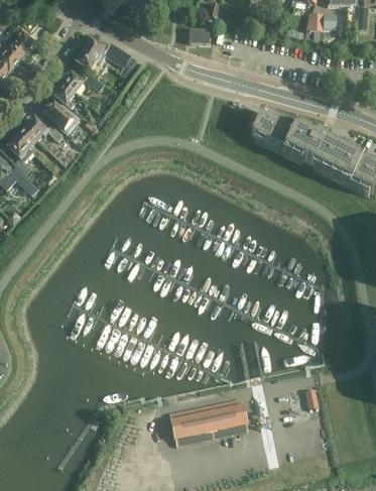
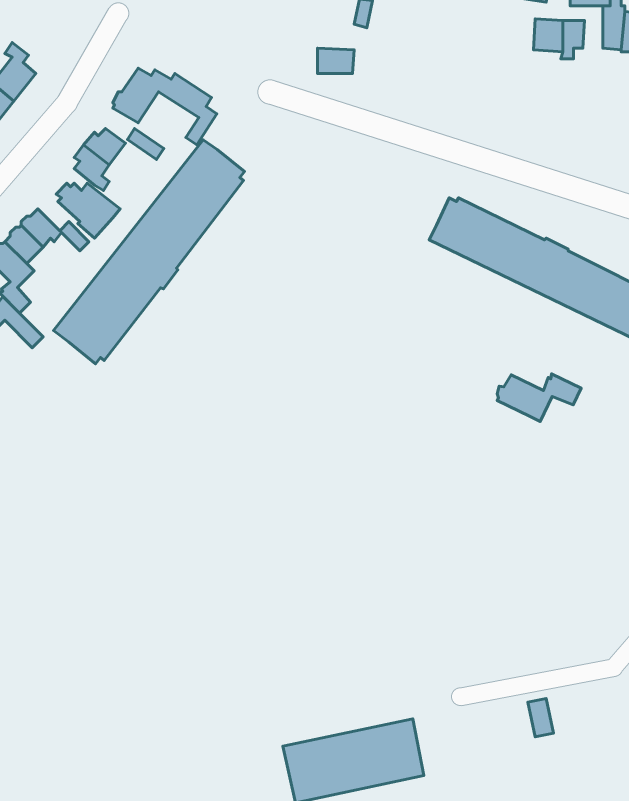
building: none -> [53,140,244,364]
building: none -> [497,374,581,421]

